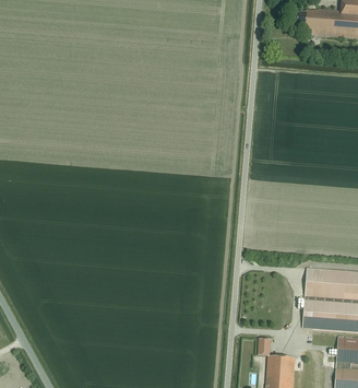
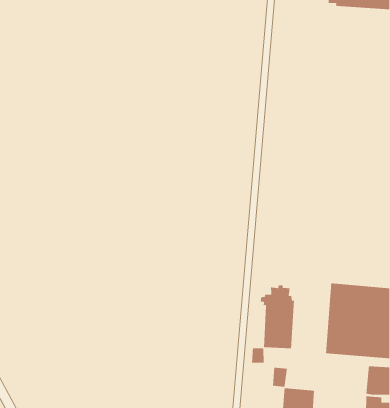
building: none -> [251,285,295,364]

